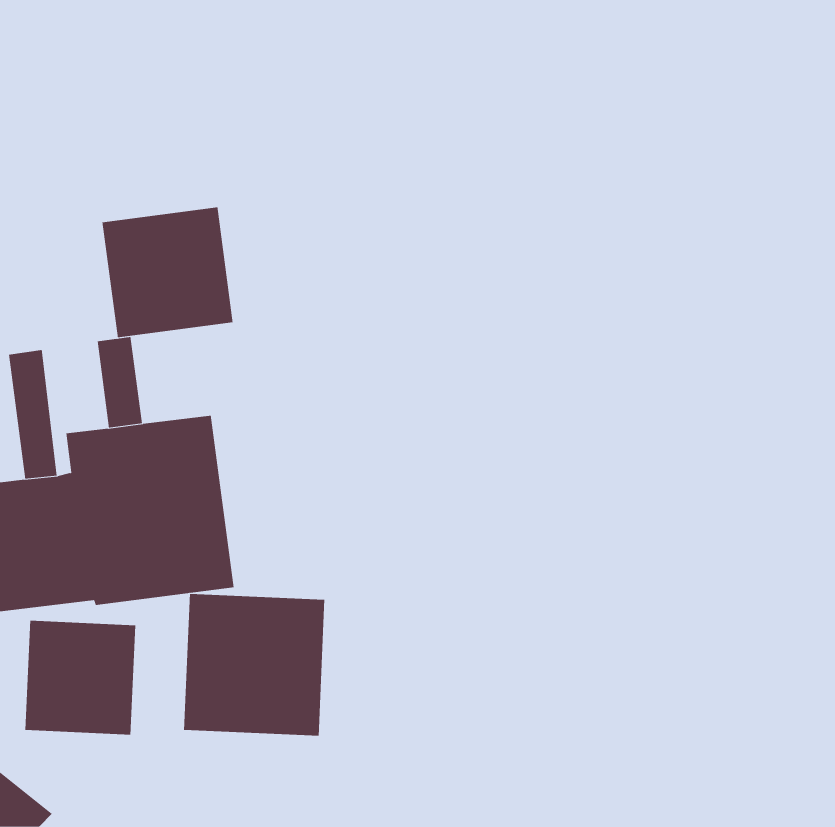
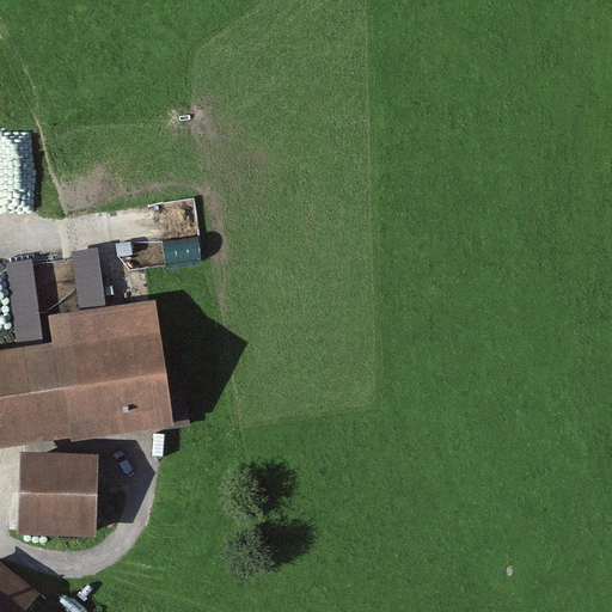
building: [102,206,233,338] -> none
building: [184,593,325,737] -> none

